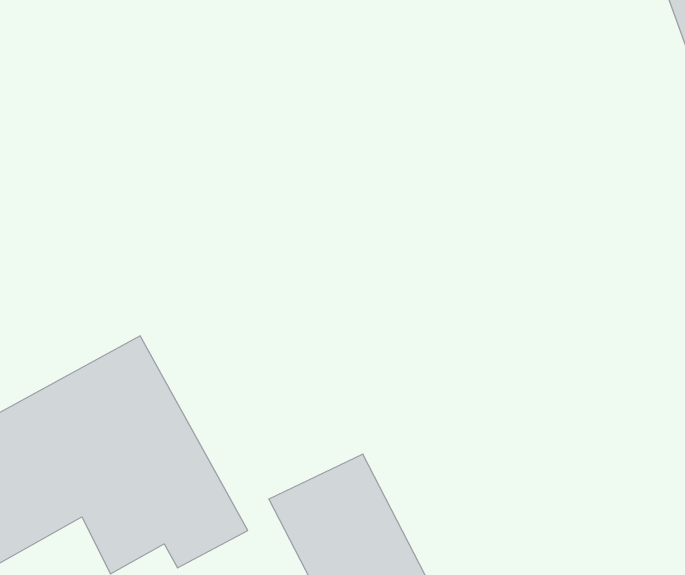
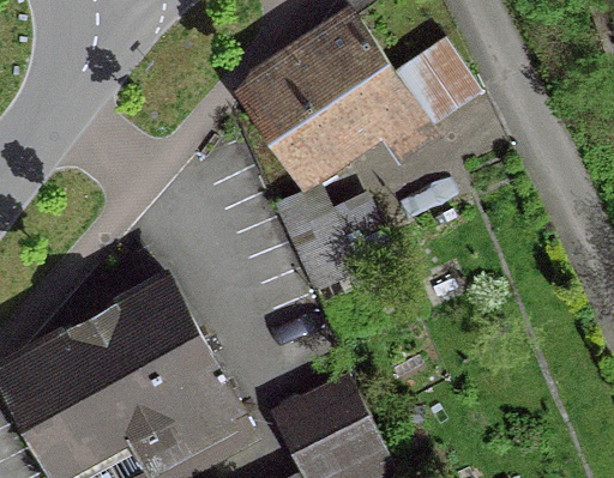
building: none -> [237,17,478,179]

